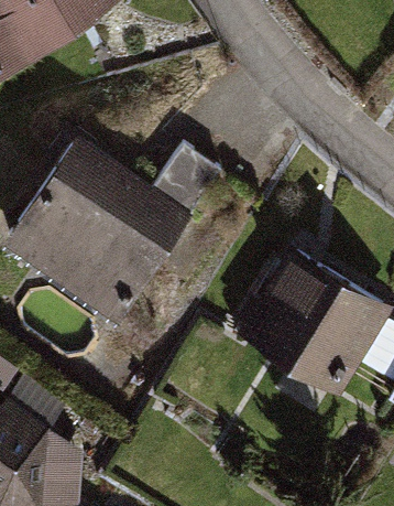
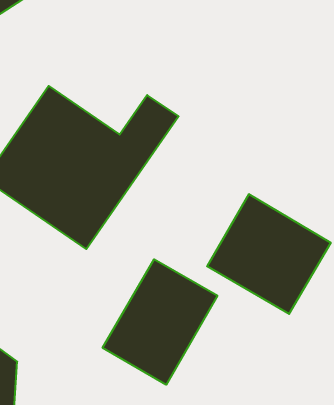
building: none -> [103,259,217,385]

